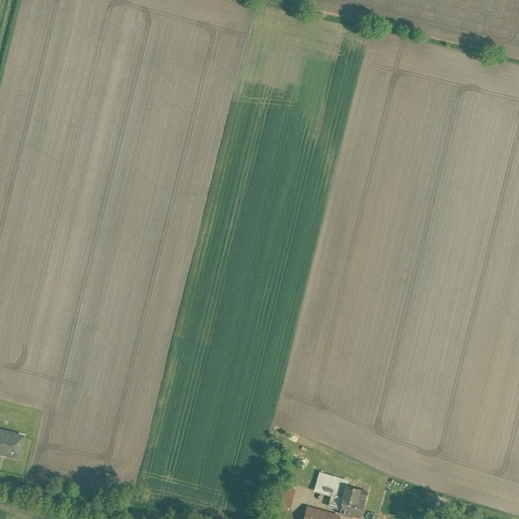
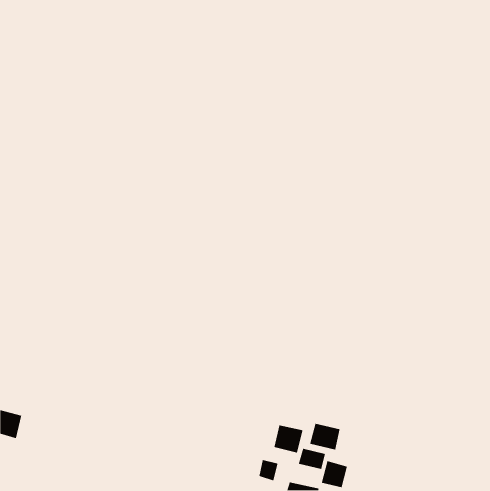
building: none -> [309,423,341,451]
building: none -> [274,425,303,454]

